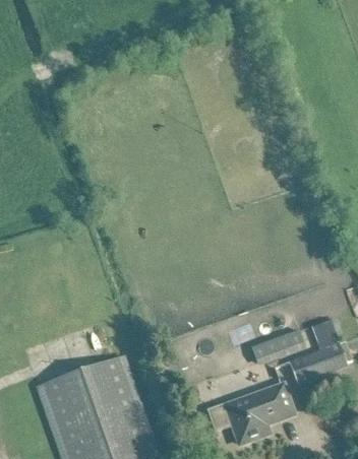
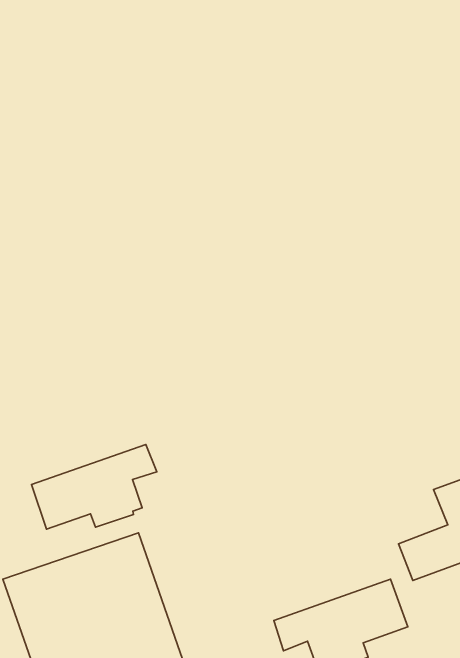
building: none -> [31,445,157,529]
building: [251,329,305,365] -> none

